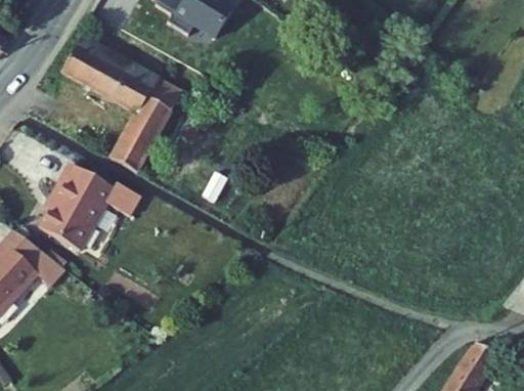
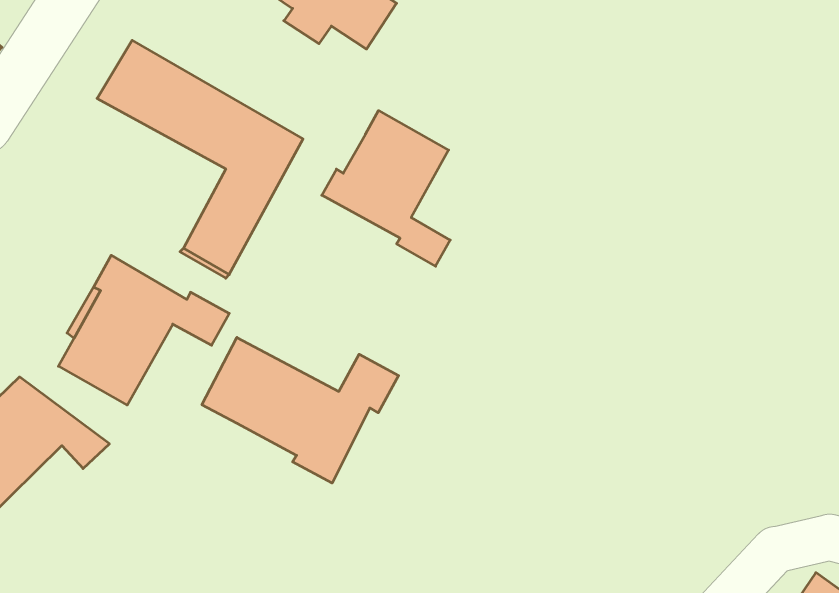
building: none -> [322,111,450,266]
building: none -> [202,337,399,483]

